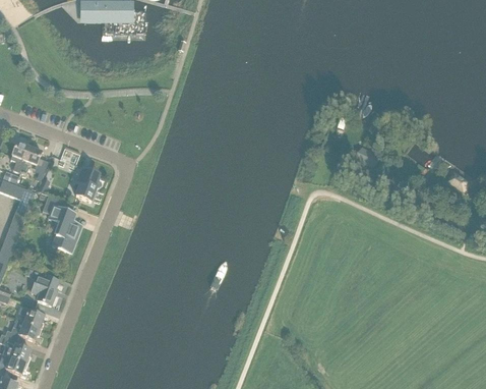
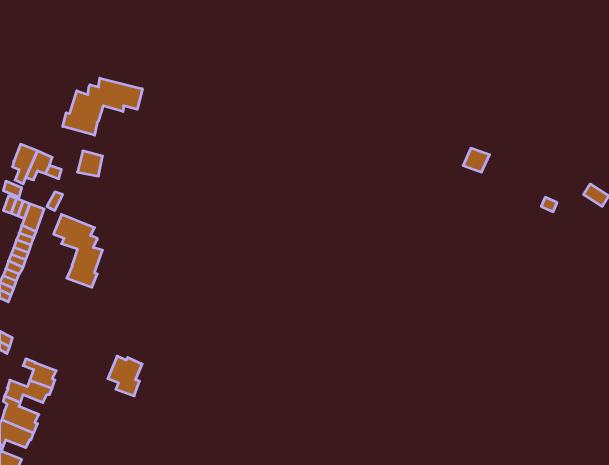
building: none -> [63,78,142,135]
building: [72,170,97,200] -> none
building: [31,273,57,303] -> [108,356,142,396]

